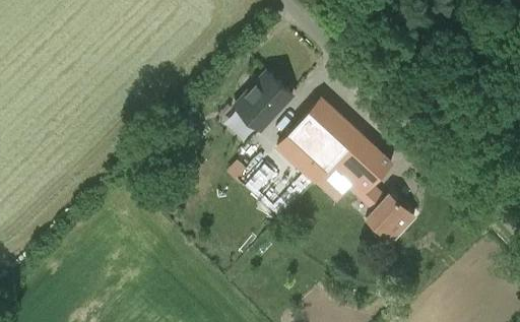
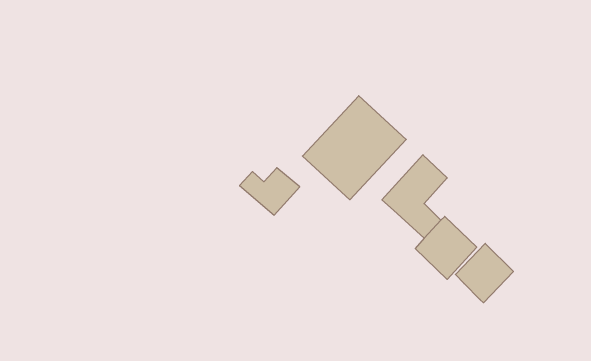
building: [235,72,294,131] -> none
building: none -> [455,243,513,303]

